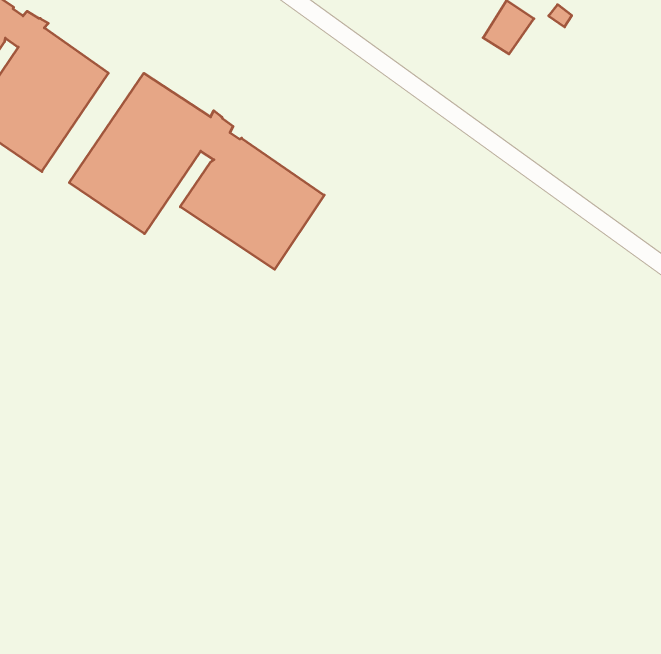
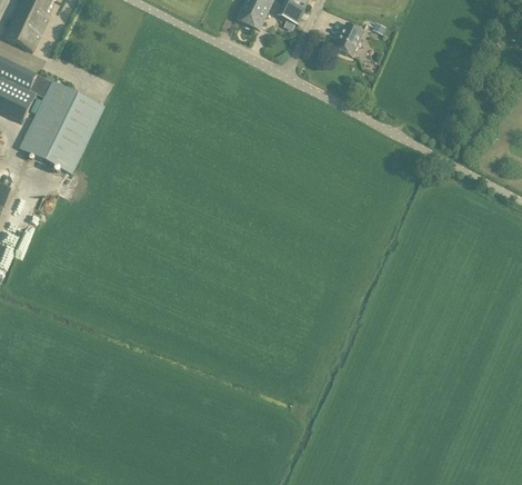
building: [69,73,324,269] -> none

